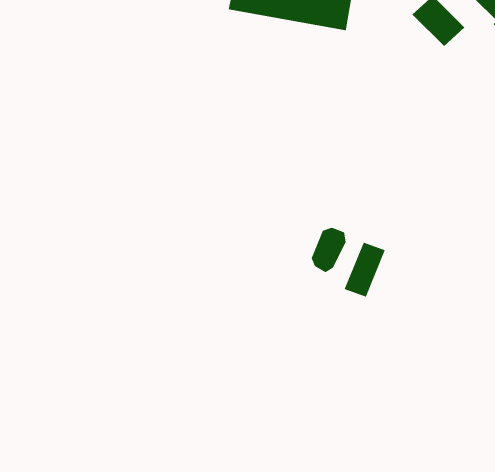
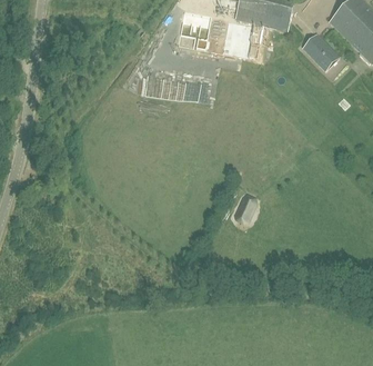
building: [344,242,386,297] -> none

